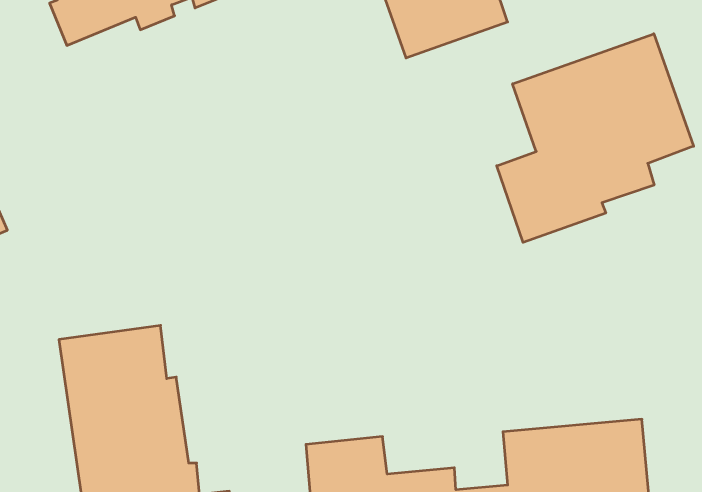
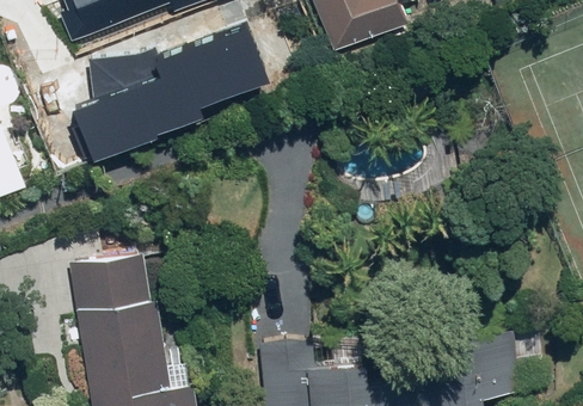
building: none -> [75,27,265,168]
building: [497,34,694,242] -> none

